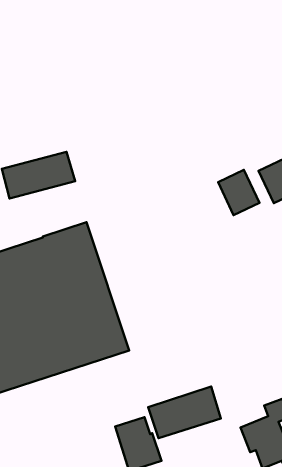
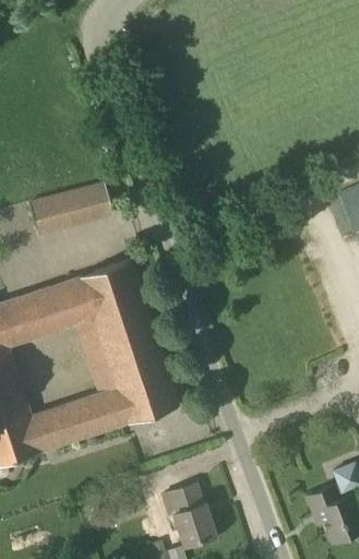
building: [218,170,259,215] -> none
building: [148,387,221,438] -> none

